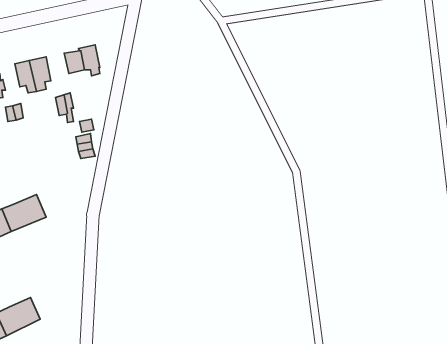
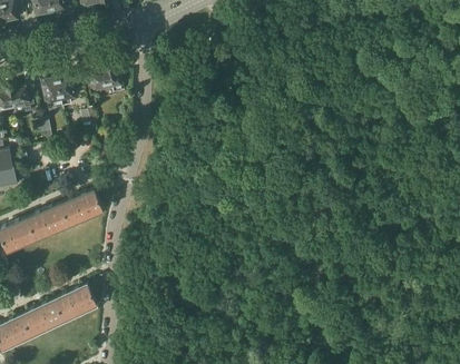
building: none -> [62,190,102,225]
building: none -> [57,285,97,319]

